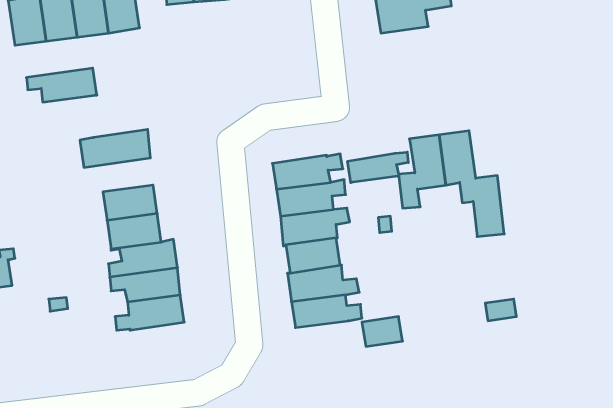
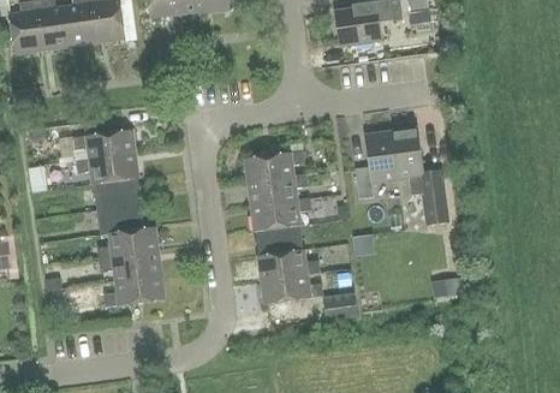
building: [26,68,97,102] -> [76,154,138,184]
building: [348,152,408,183] -> none

